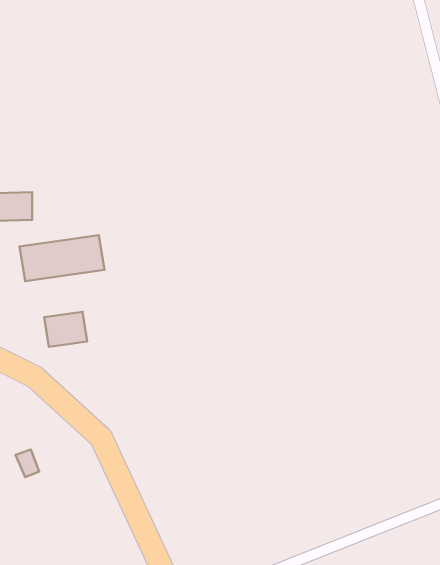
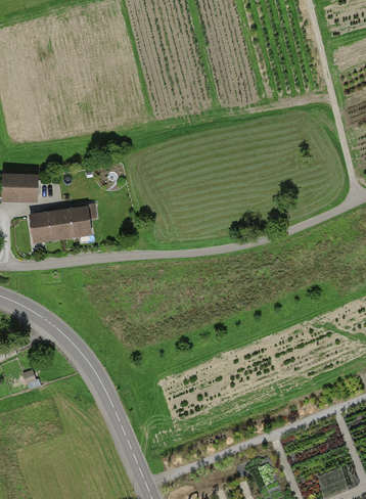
building: [44,312,87,347] -> none

